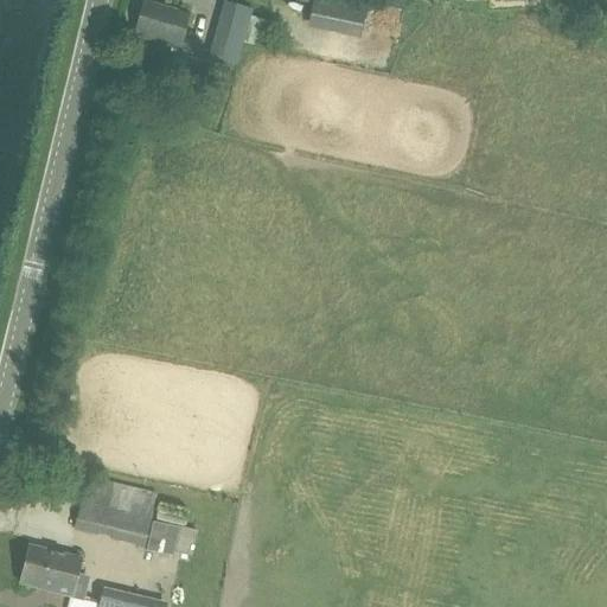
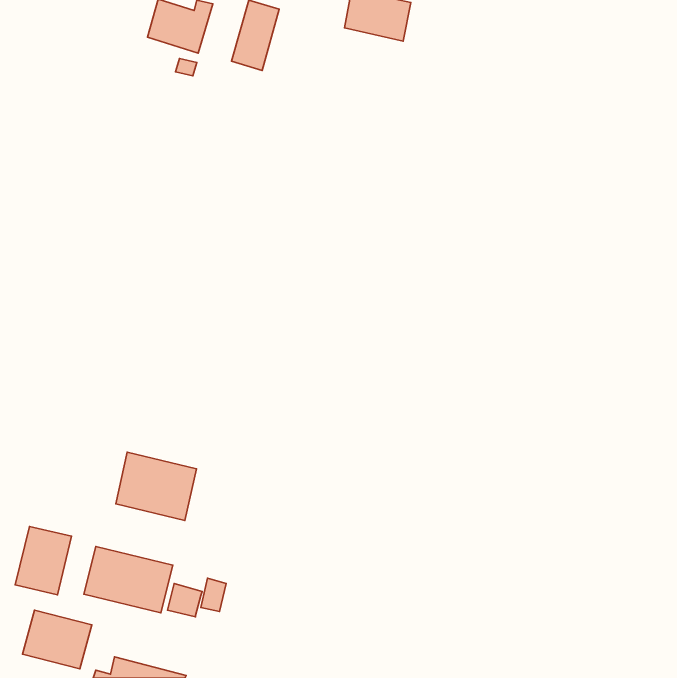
building: none -> [116,452,197,520]
building: none -> [15,526,72,595]

